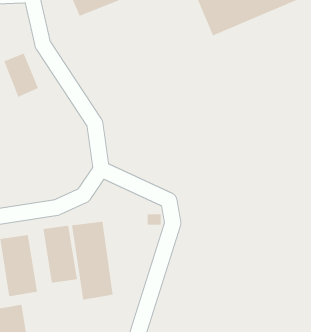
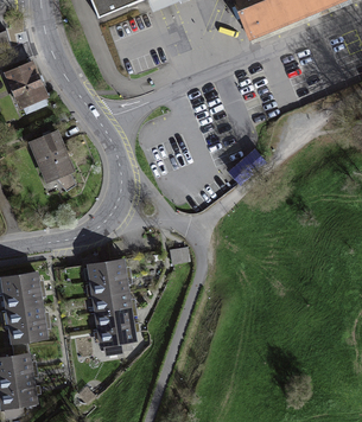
building: none -> [31,134,70,184]
building: [43,225,77,283] -> none

